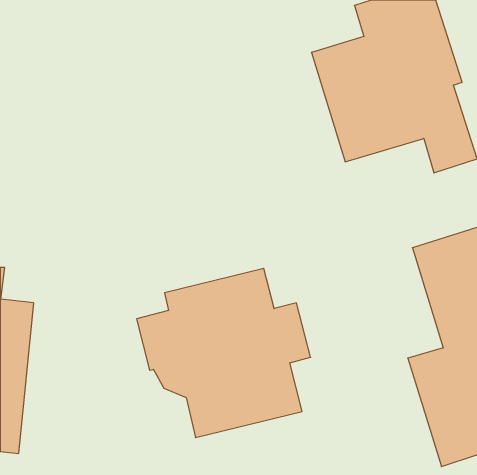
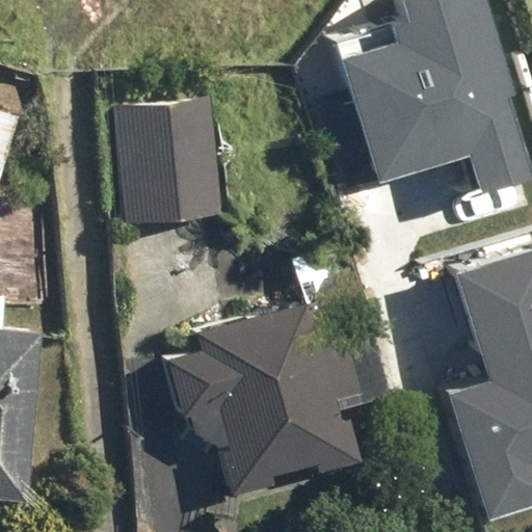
building: none -> [113,97,222,221]

